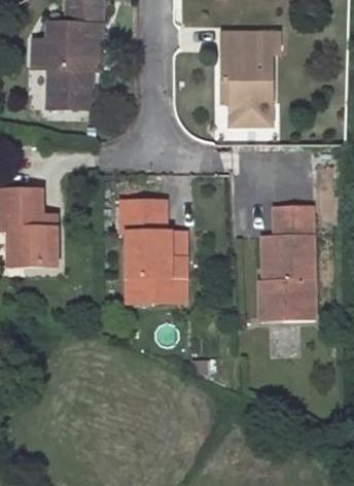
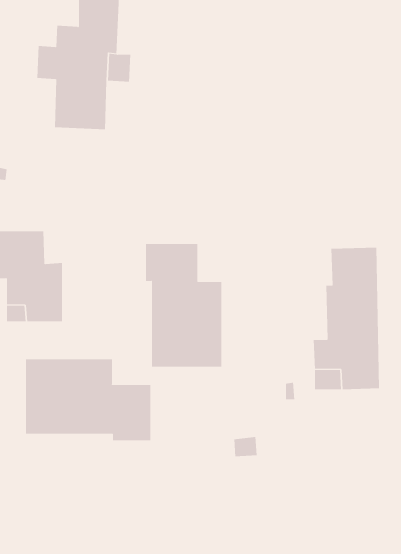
building: [222,29,278,121] -> none
building: none -> [25,359,151,441]

